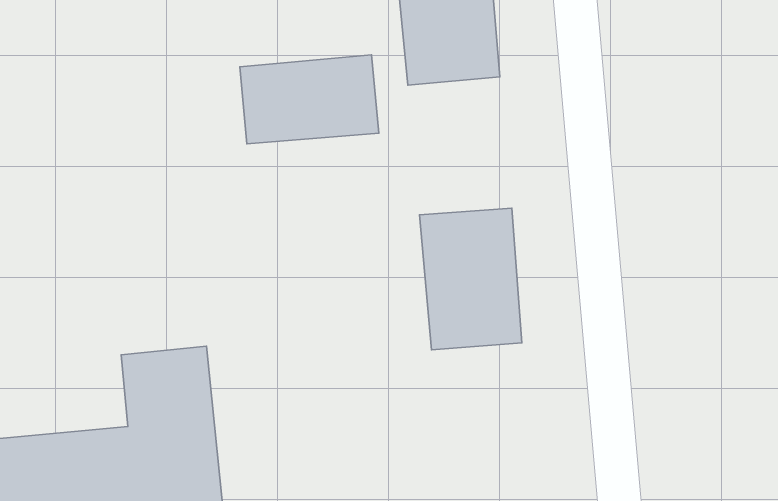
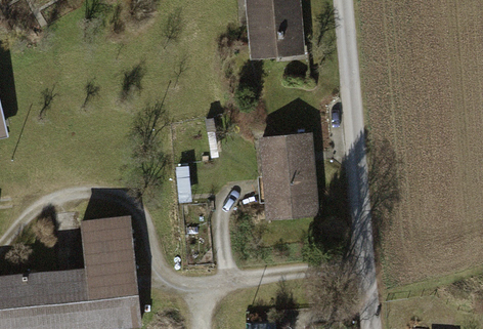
building: [240,55,379,144] -> none

